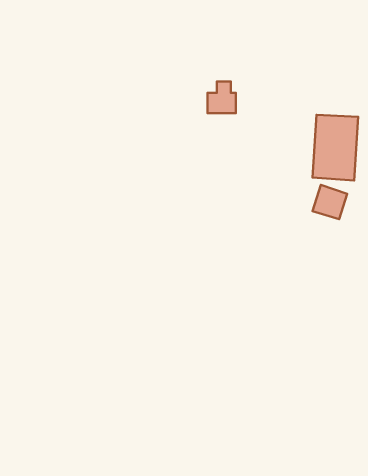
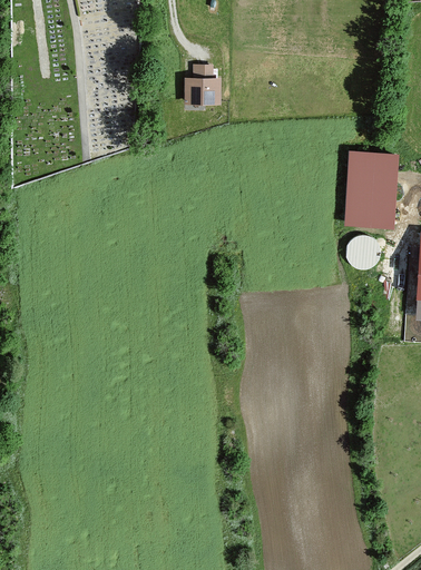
building: [208,82,236,113] -> [187,69,218,104]

